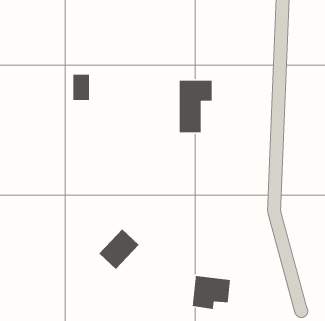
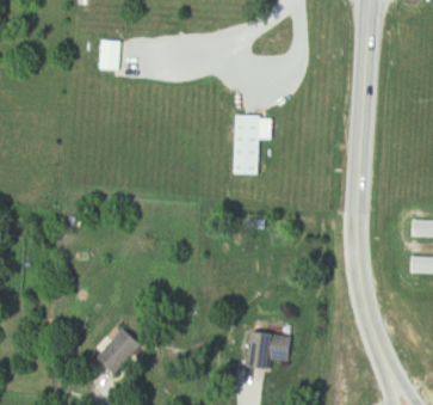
building: [72,74,90,101] -> [99,39,118,69]
building: [98,229,140,270] -> [98,329,143,374]

